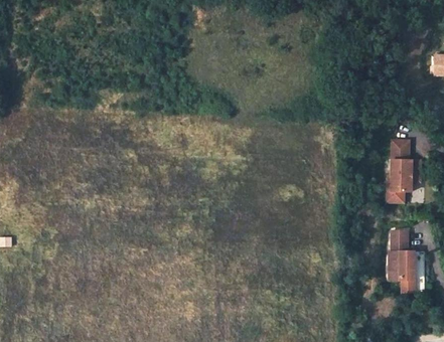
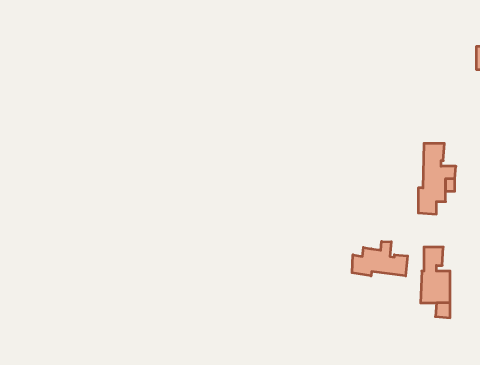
building: none -> [352,241,408,276]

